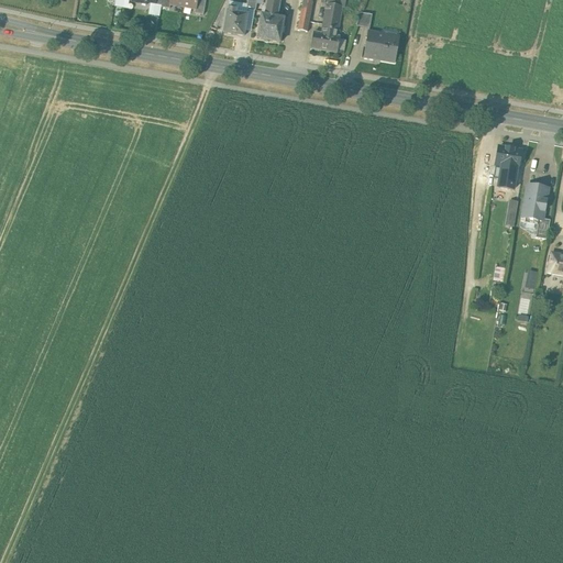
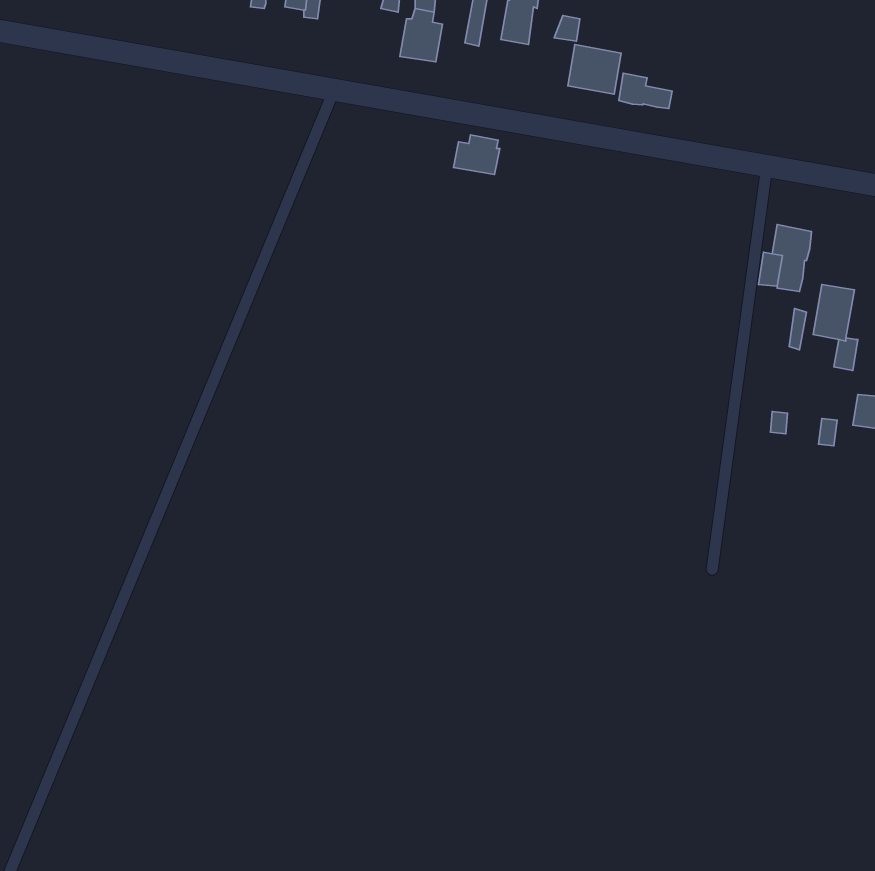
building: [224,4,247,34] -> none
building: [311,25,341,51] -> [453,135,500,174]
building: none -> [619,73,672,109]

